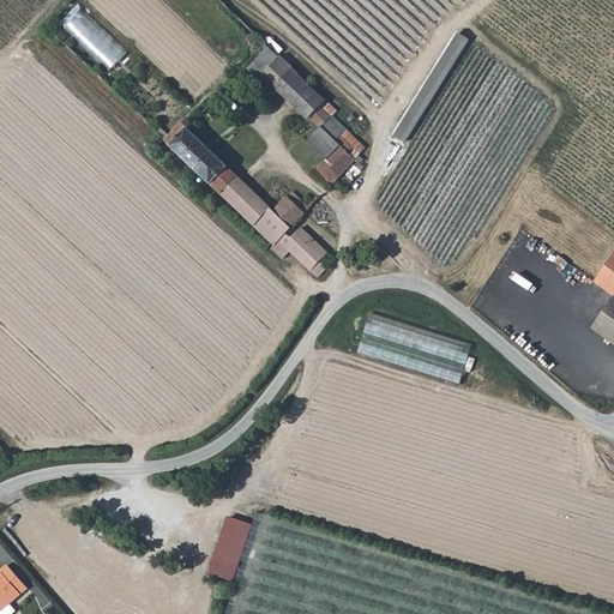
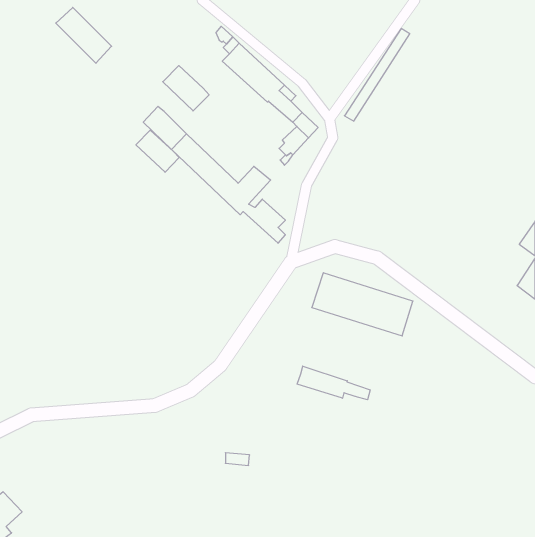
building: none -> [163,66,209,111]
building: none -> [136,130,179,172]
building: none -> [297,366,370,400]
building: [209,517,253,583] -> none

